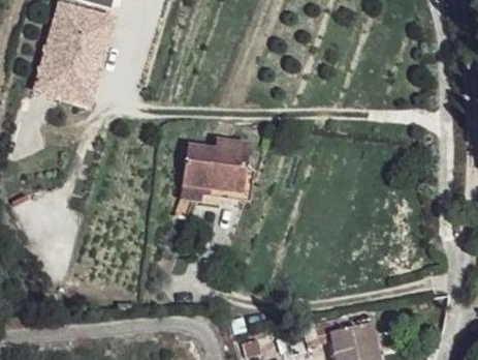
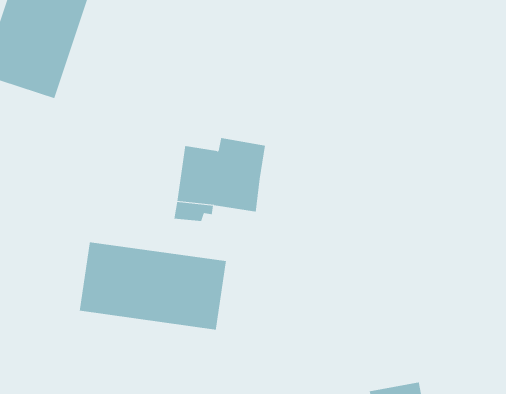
building: none -> [79,241,226,330]

